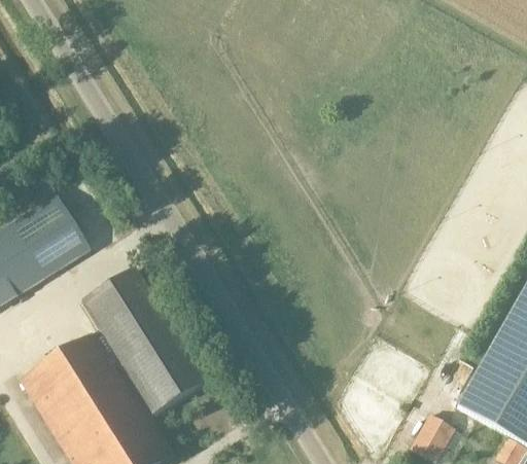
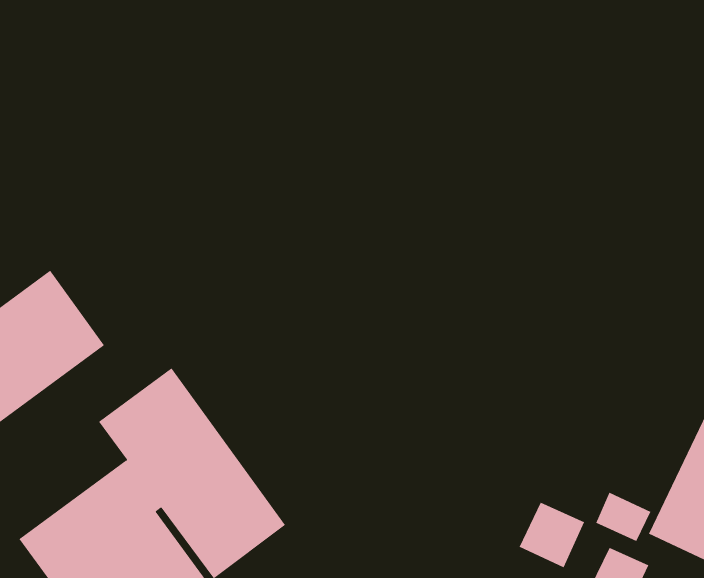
building: none -> [595,492,651,542]
building: none -> [519,502,585,568]

